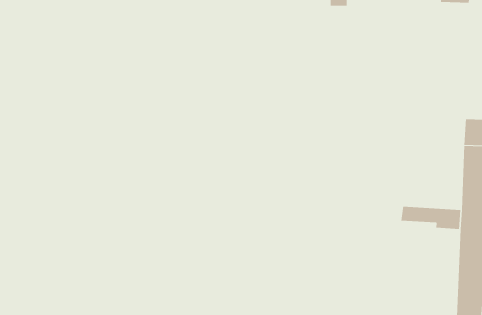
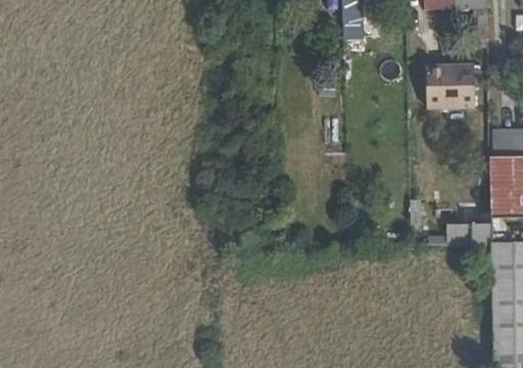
building: none -> [422,65,474,110]

